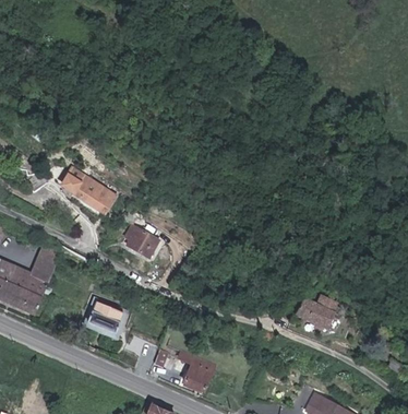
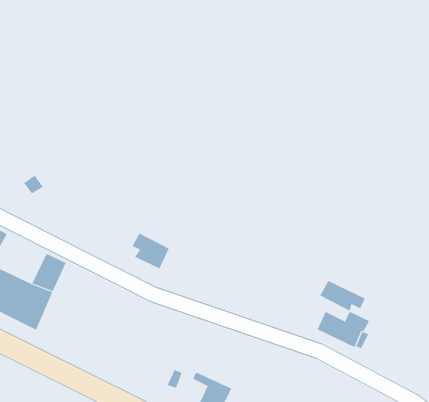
building: [53,163,113,212] -> none
building: none -> [320,280,365,312]
building: [87,298,127,333] -> none

